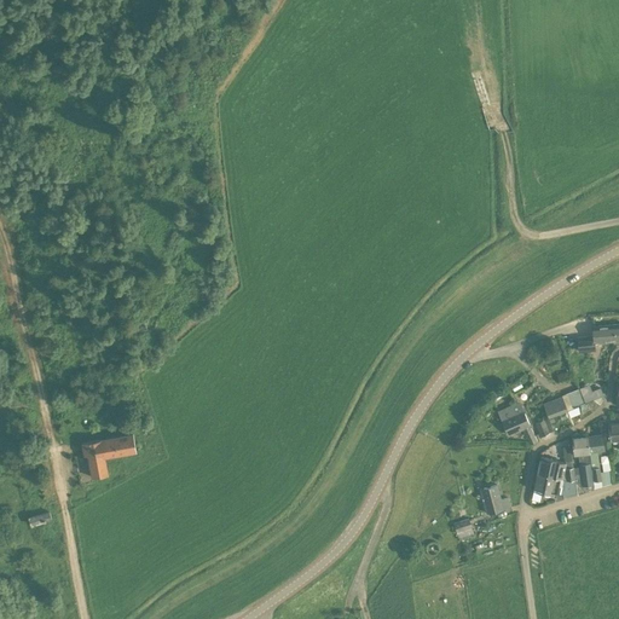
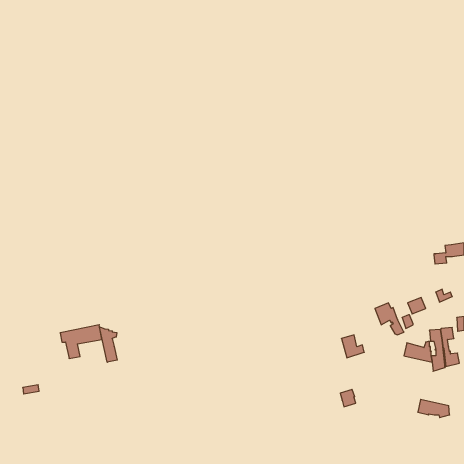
building: none -> [100,327,117,362]
building: [533,474,575,498] -> [418,399,450,418]
building: [479,485,509,515] -> [341,335,364,358]

